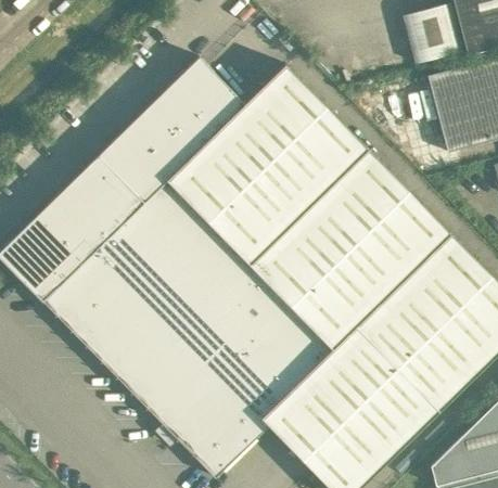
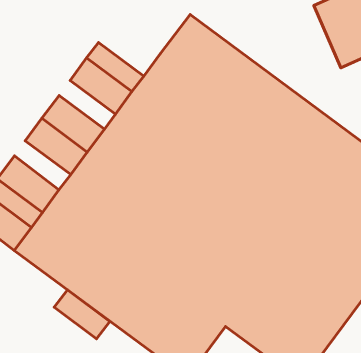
building: [176,56,244,126] -> none
building: [122,117,182,179] -> none
building: [60,178,120,240] -> none
building: none -> [54,290,110,339]

